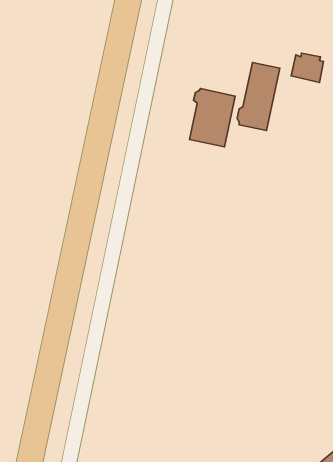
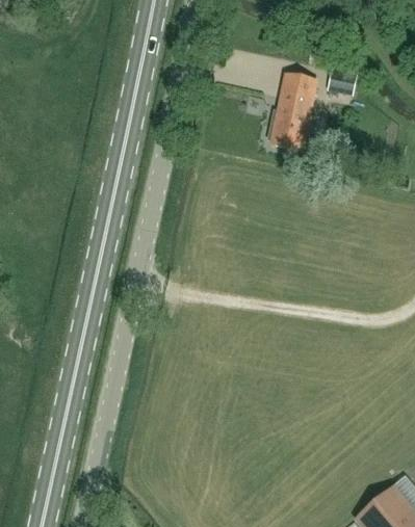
building: [190,89,235,147] -> none

